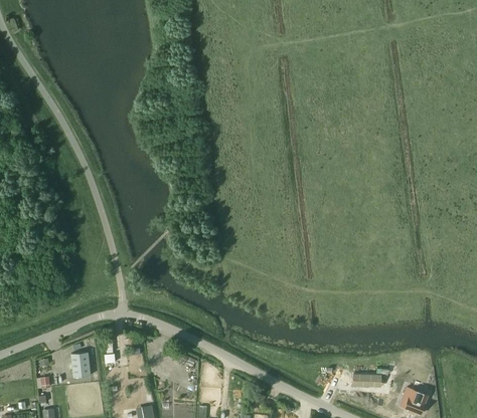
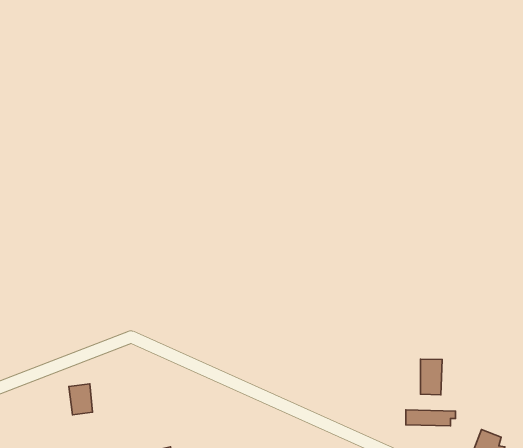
building: none -> [420,359,442,395]

